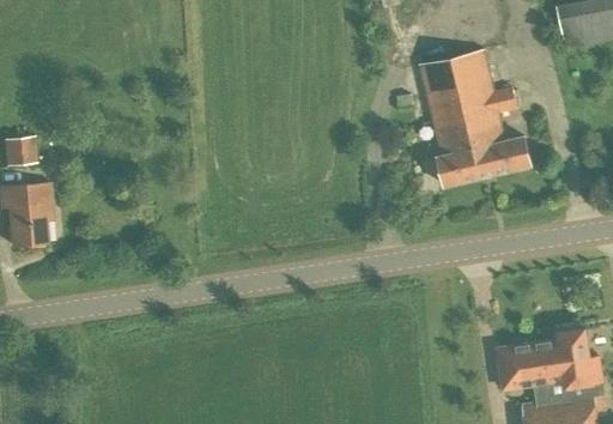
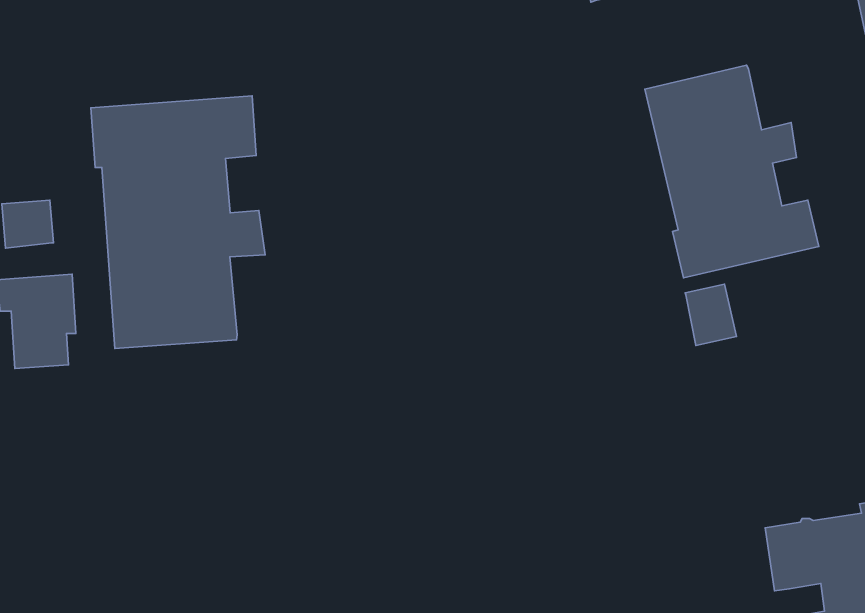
building: none -> [91,96,265,348]
building: none -> [685,284,737,346]

